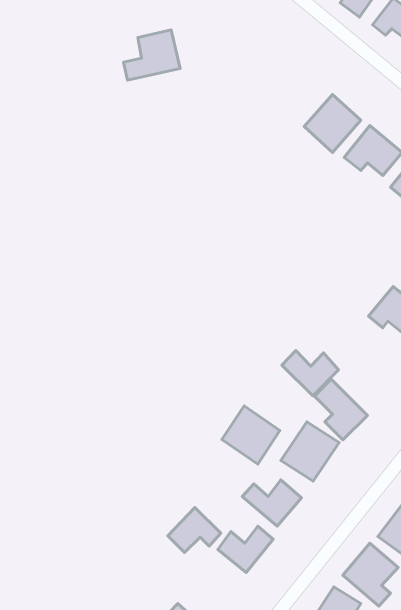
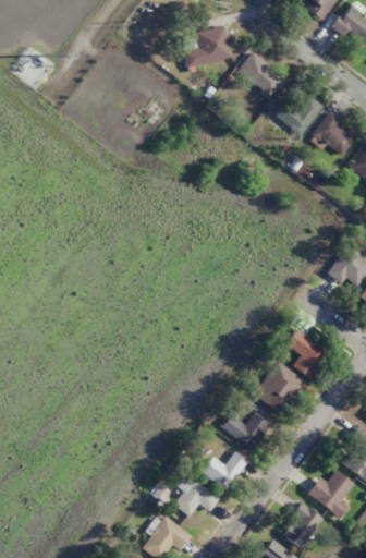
building: [124,30,180,80] -> [184,25,232,68]
building: none -> [237,52,284,98]
building: [282,351,338,396] -> none
building: [222,406,280,464] -> none
building: [168,507,221,553] -> [173,478,218,517]

